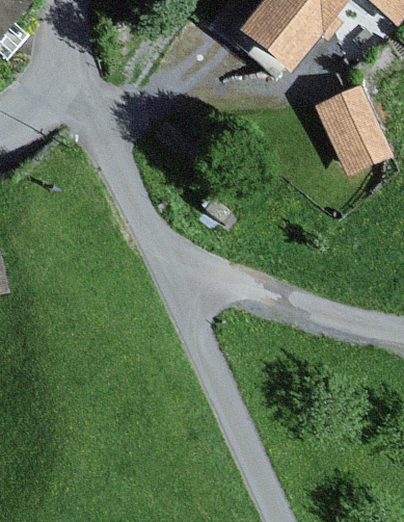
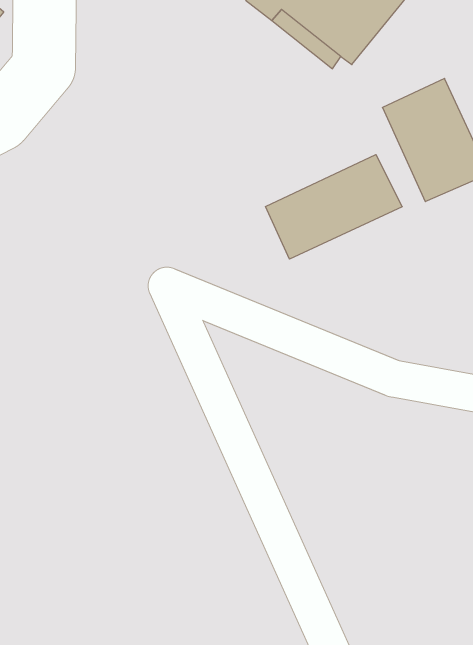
building: none -> [265,155,402,259]

